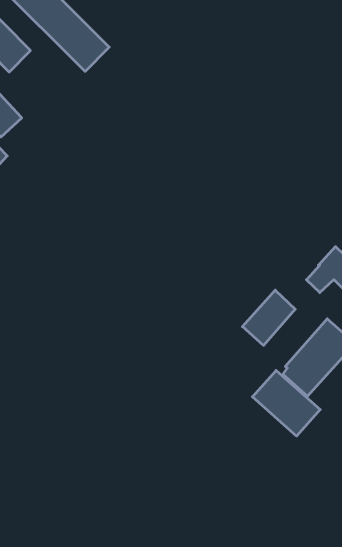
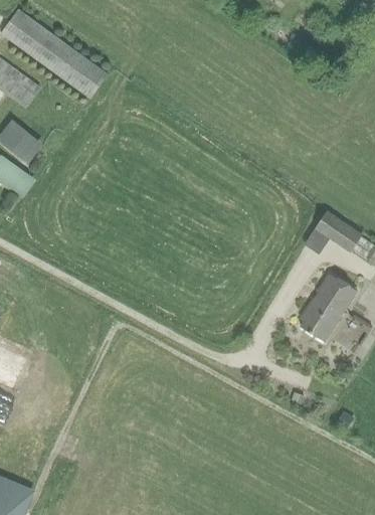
building: [242,290,295,345] -> none
building: [252,370,320,436] -> none

